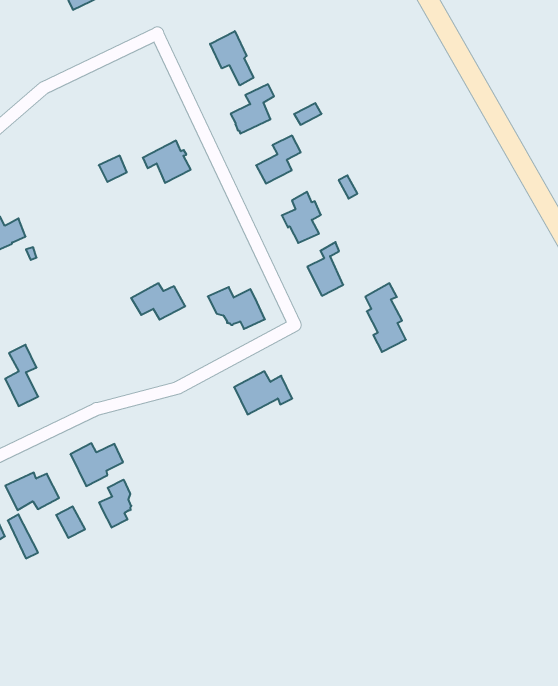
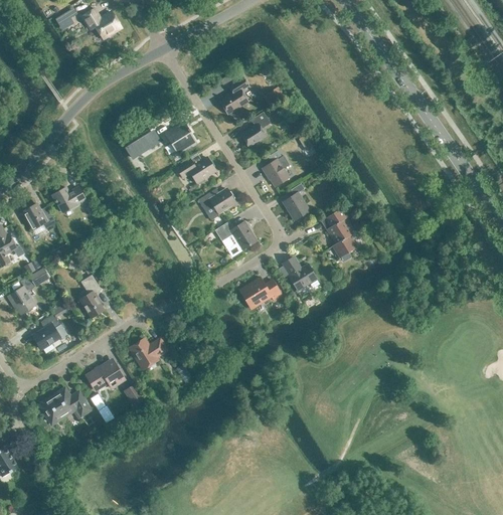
building: [210,31,253,85] -> none
building: none -> [176,157,215,183]
building: [131,283,185,320] -> [197,188,235,213]
building: none -> [283,258,319,290]
building: [99,480,131,528] -> none

